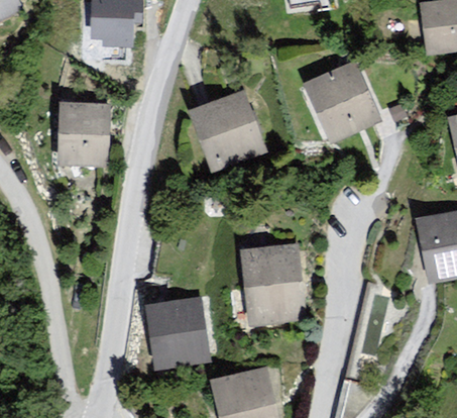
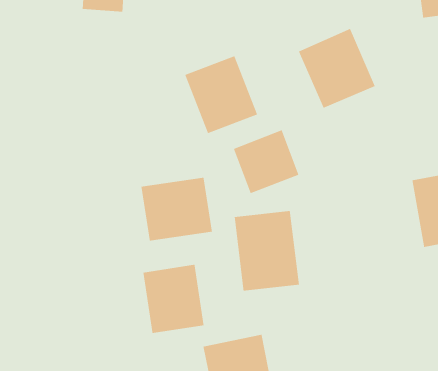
building: [59,99,114,166] -> none
building: none -> [233,129,300,194]
building: none -> [140,177,213,242]

